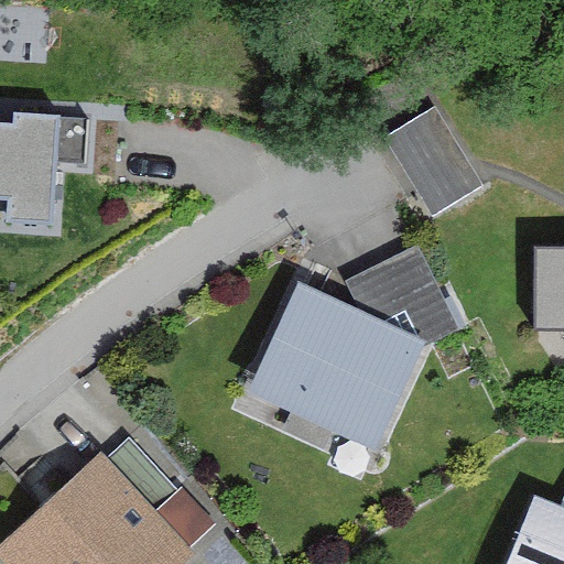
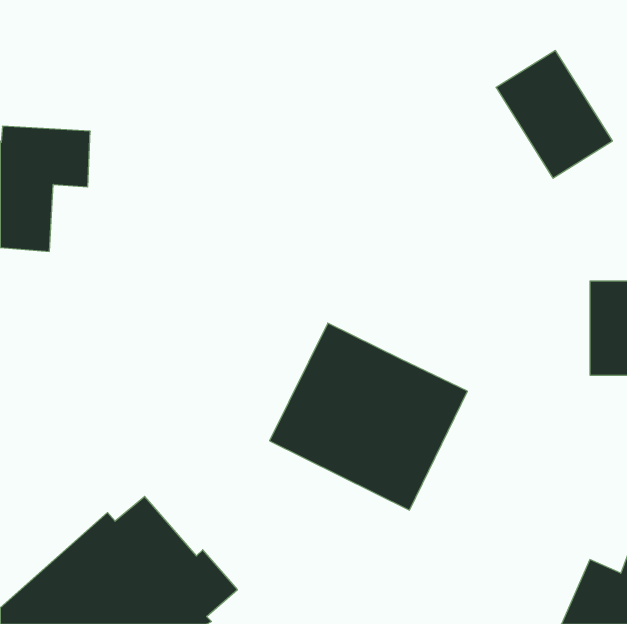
building: [386,106,489,219] -> [496,51,612,178]
building: [345,251,455,348] -> none

